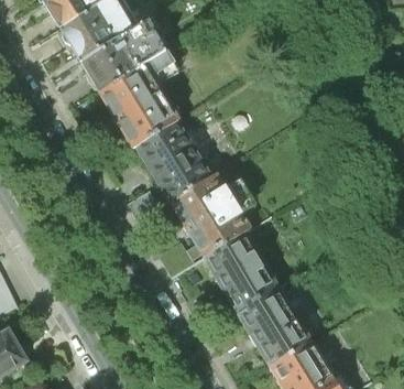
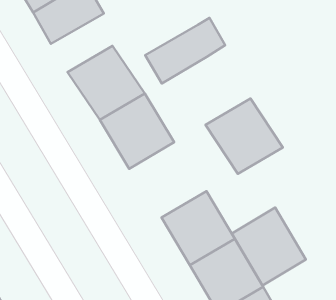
building: [80,23,171,97] -> [145,18,225,83]
building: [168,176,255,261] -> [206,99,283,174]
building: none -> [232,208,306,285]

